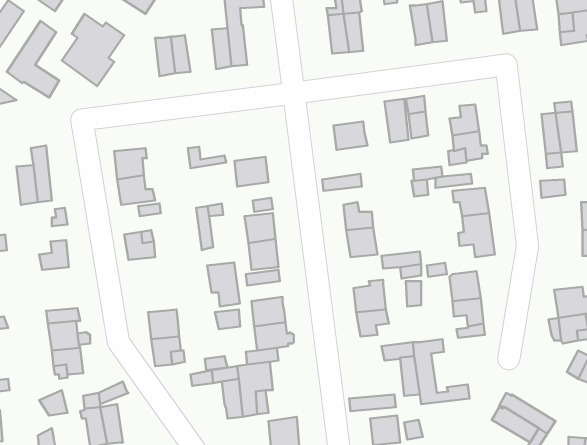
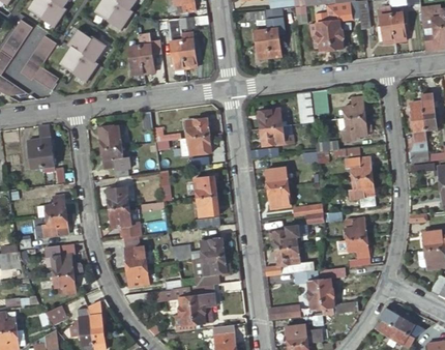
building: none -> [184,117,209,137]
building: none -> [261,125,294,145]
building: [207,263,240,306] -> [109,207,132,239]
building: none -> [41,214,67,236]

